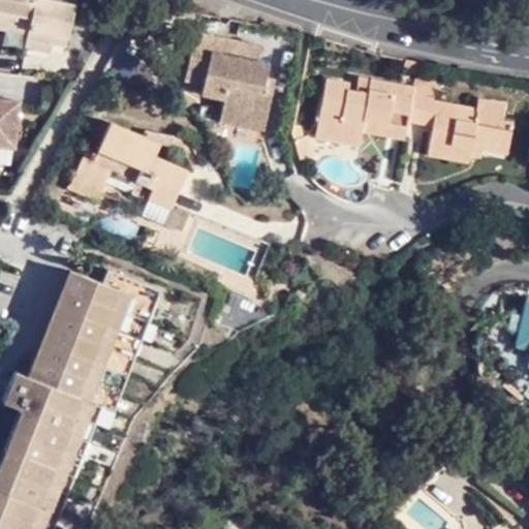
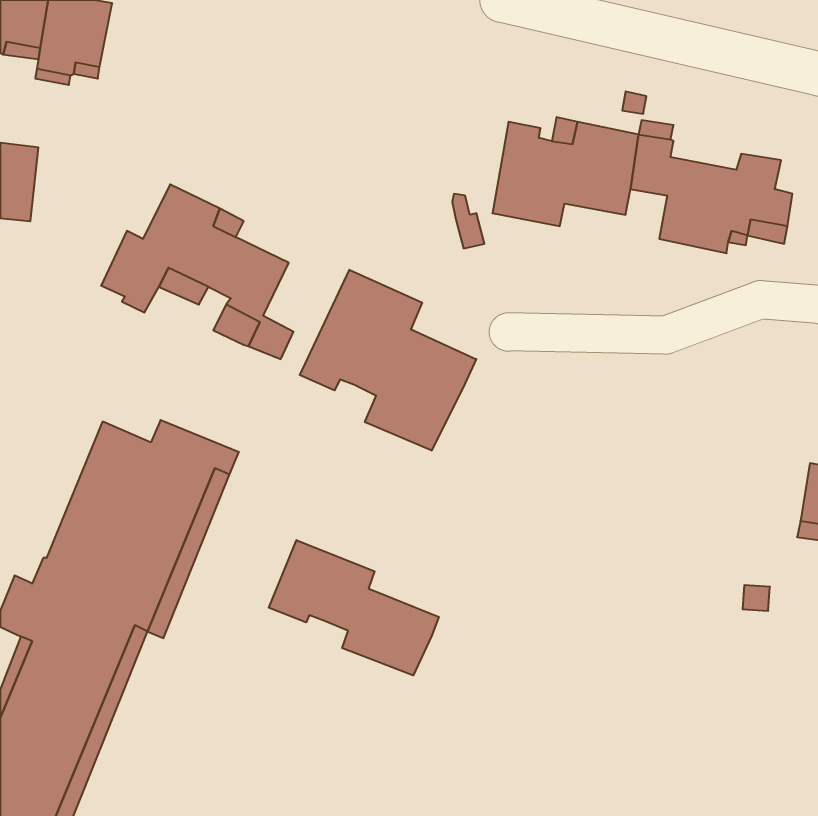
building: [189,34,272,131] -> none
building: none -> [300,270,476,451]
building: none -> [269,540,439,675]

